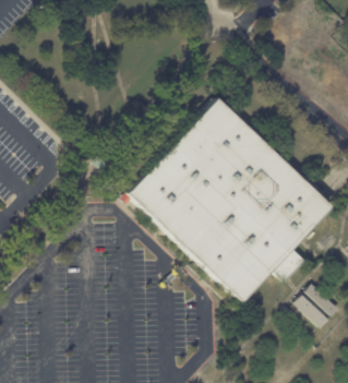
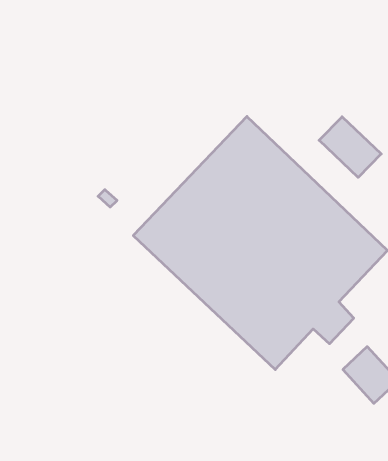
building: none -> [319,117,381,177]

